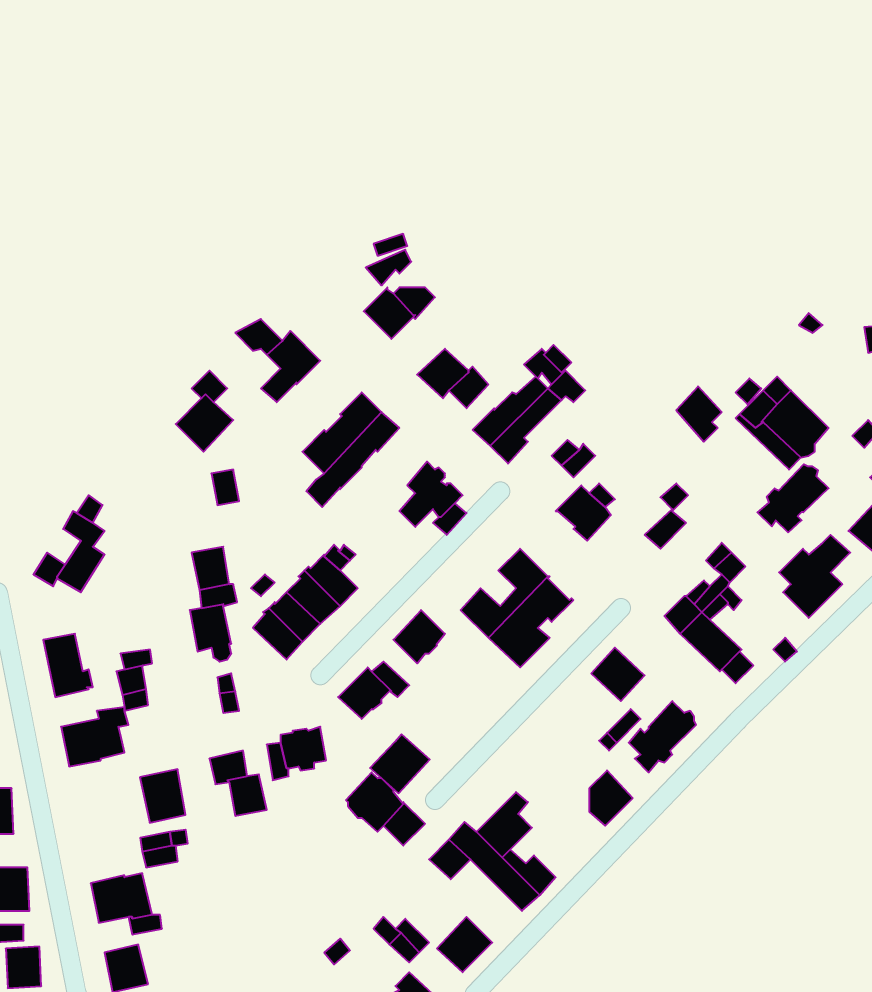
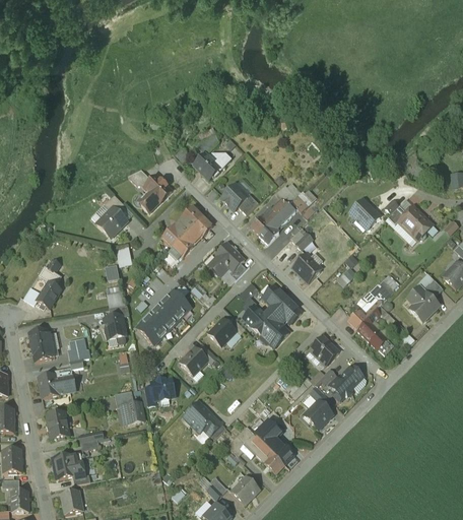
building: [757,464,829,532] -> none
building: [370,734,430,793] -> none
building: [140,769,185,823] -> [46,412,69,440]

